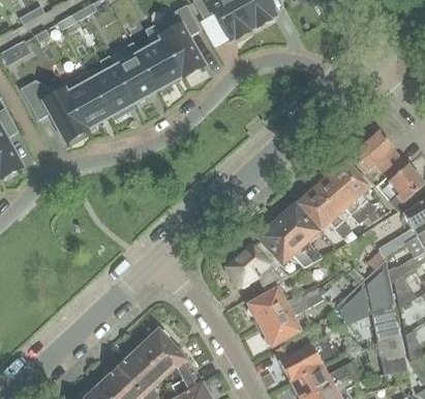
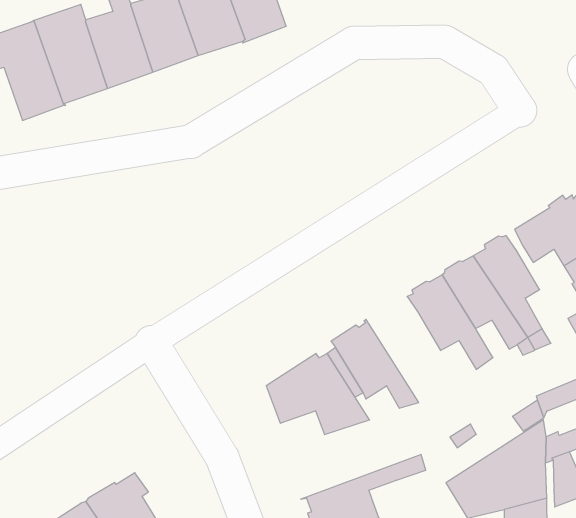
building: [276,205,322,262] -> none
building: [245,284,320,327] -> none

